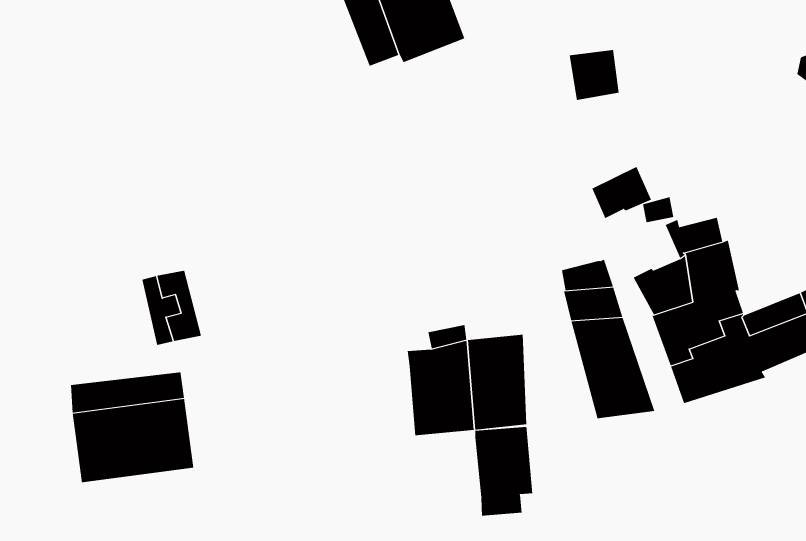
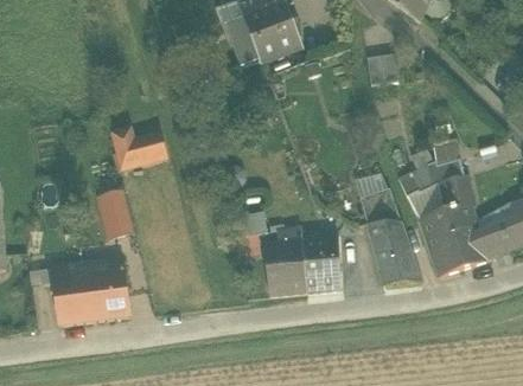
building: [592,166,652,219] -> [397,162,435,195]
building: none -> [110,127,165,168]
building: [475,426,533,517] -> none

